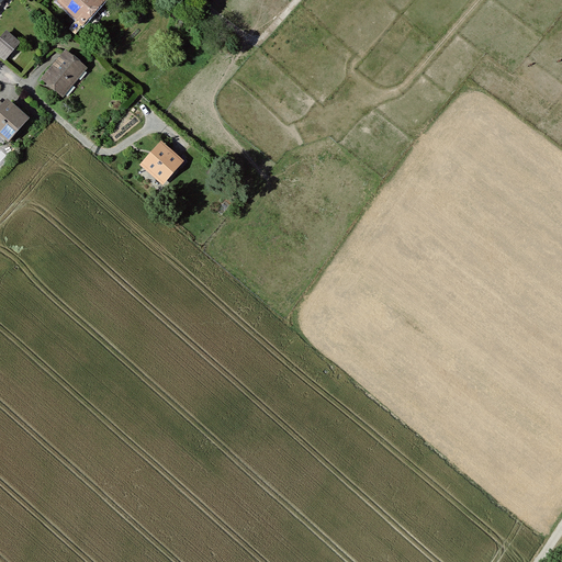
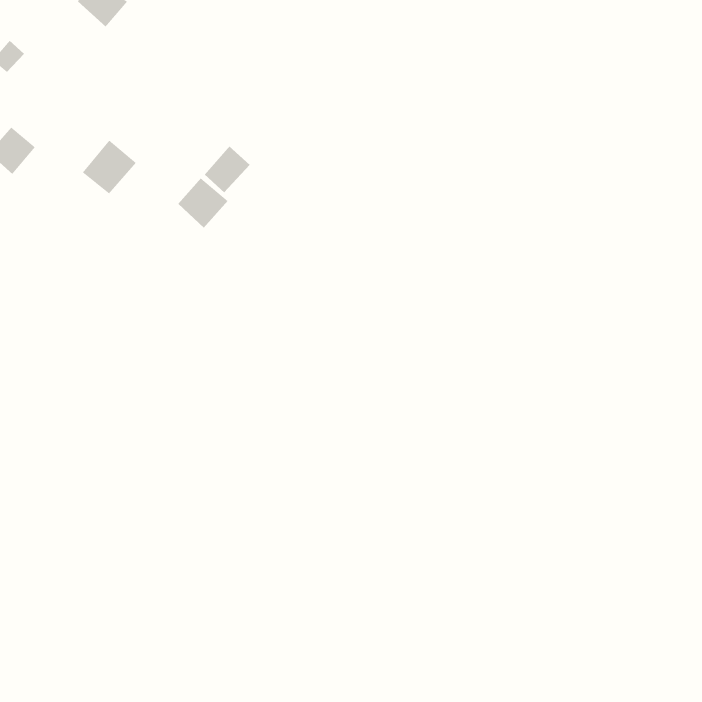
building: [42,49,86,93] -> [82,139,137,194]
building: none -> [204,146,251,193]

